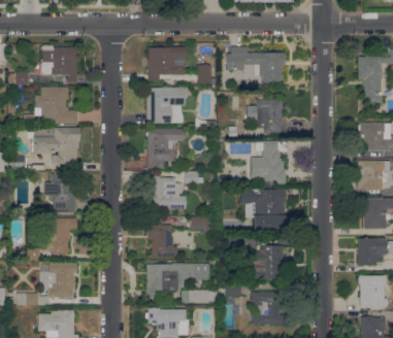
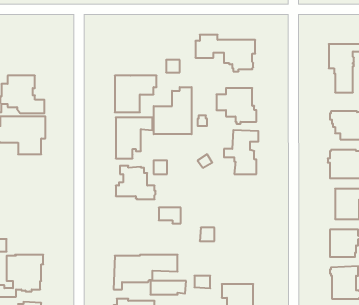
building: [41,44,78,82] -> none
building: [148,46,184,81] -> none
building: none -> [154,87,192,134]
building: [45,172,76,212] -> none
building: [241,188,286,230] -> none
building: [42,217,78,255] -> none
building: [149,223,177,256] -> none
building: [251,245,291,278] -> none

